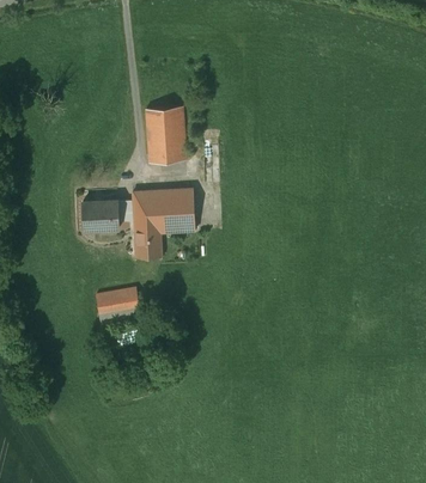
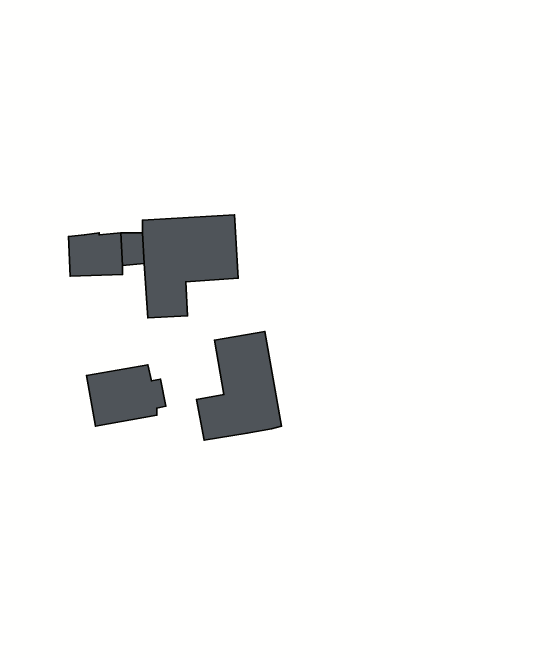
building: [146,106,185,163] -> none
building: none -> [197,331,282,440]

